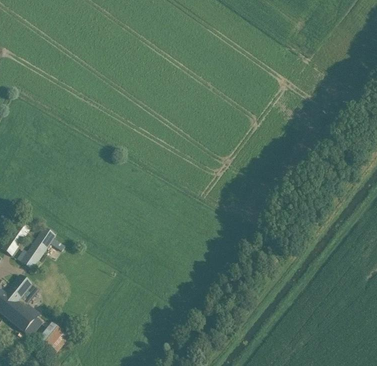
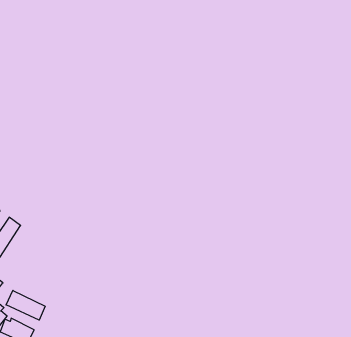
building: none -> [6,290,45,320]

